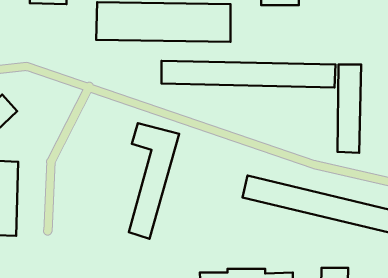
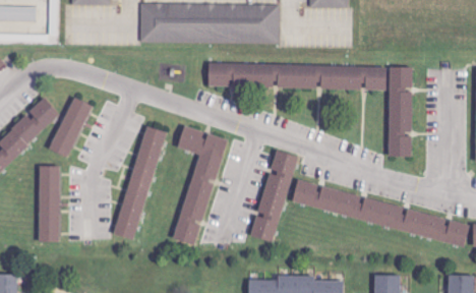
building: none -> [49,97,91,158]
building: none -> [114,126,165,241]
building: none -> [251,151,296,243]

